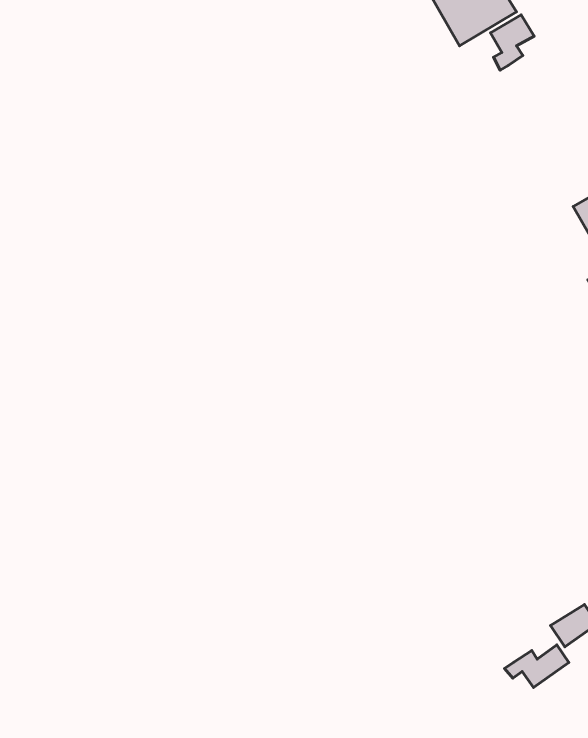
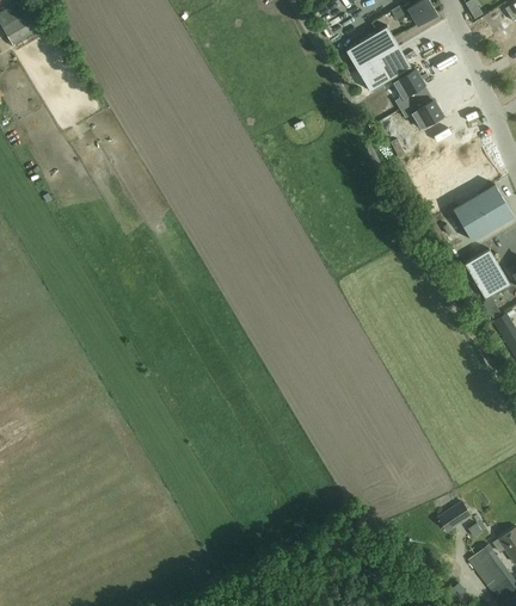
building: none -> [400,99,443,129]
building: [505,645,569,688] -> none

